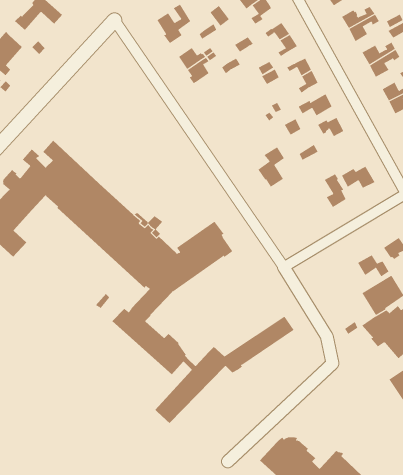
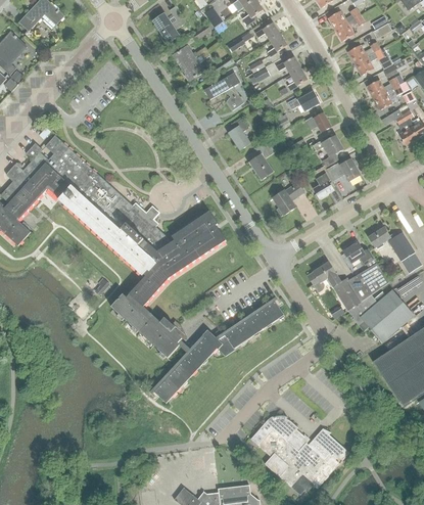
building: none -> [204,72,244,109]
building: none -> [228,117,250,149]
building: none -> [314,135,343,167]
building: none -> [272,182,303,216]
building: none -> [307,261,361,310]

